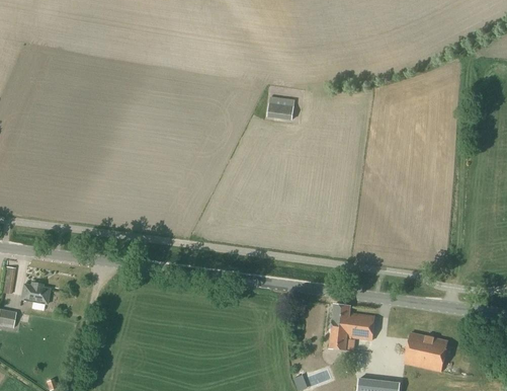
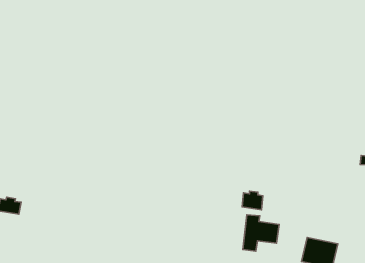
building: [266,102,293,120] -> none
building: none -> [242,191,263,210]

